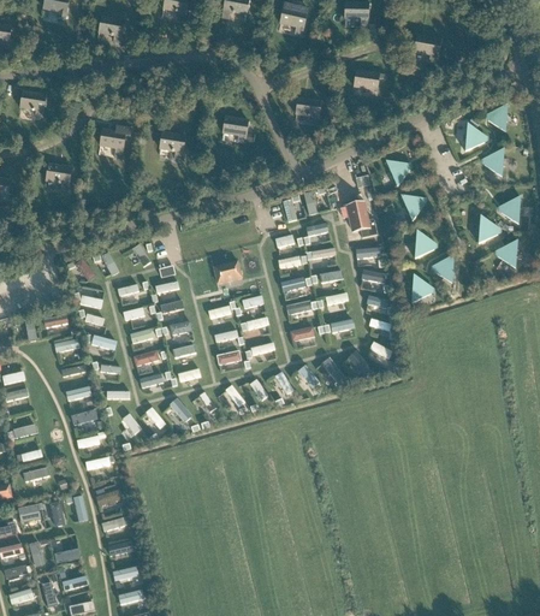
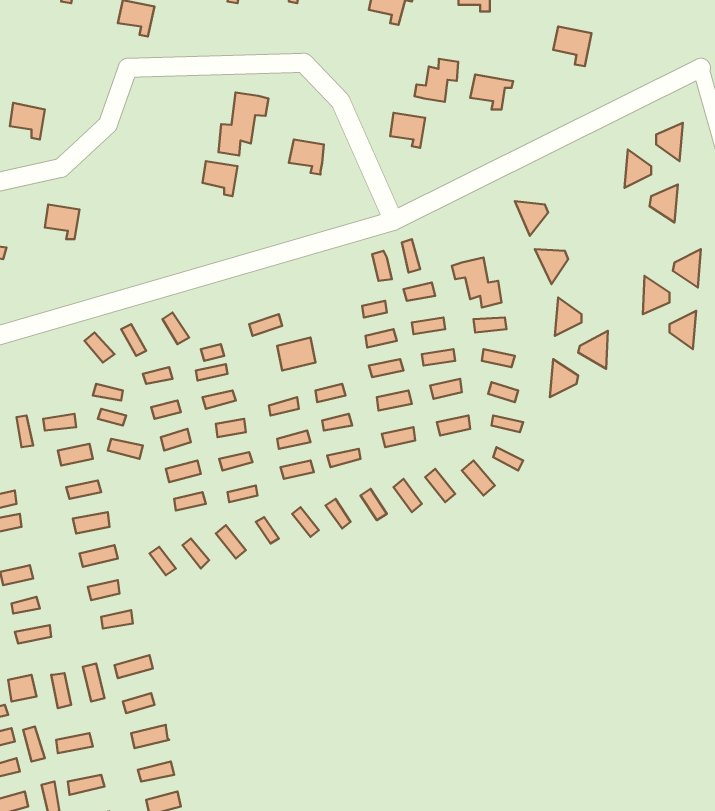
building: none -> [415,59,458,102]
building: none -> [219,93,268,156]
building: [100,125,132,160] -> none

